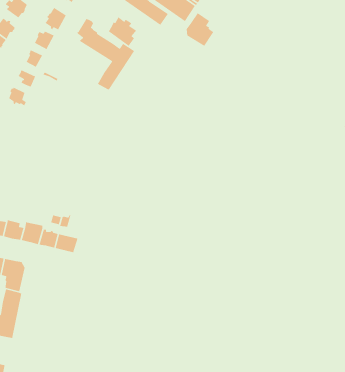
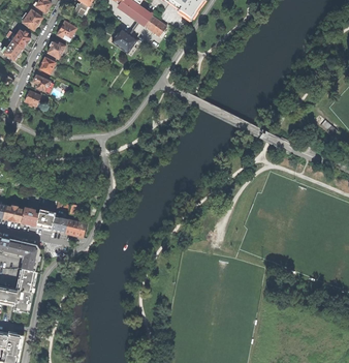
building: [186,12,214,47] -> none
building: [76,18,135,90] -> none

